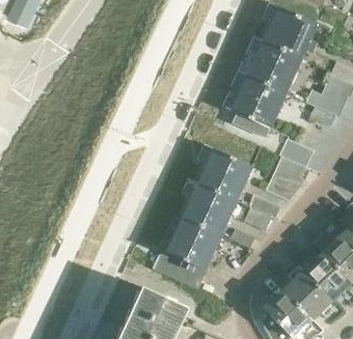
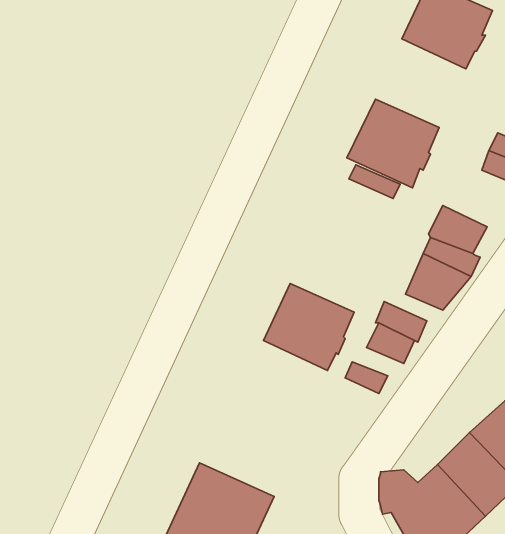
building: [246,39,299,91] -> none
building: [196,147,250,199] -> none
building: [151,216,218,287] -> none

